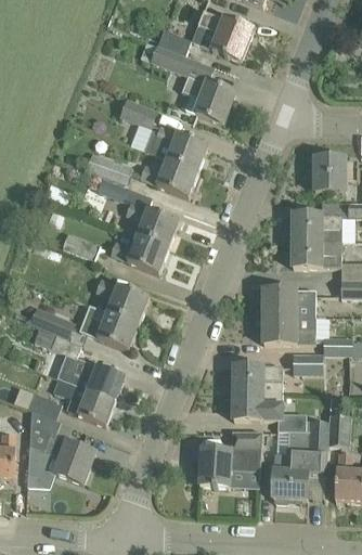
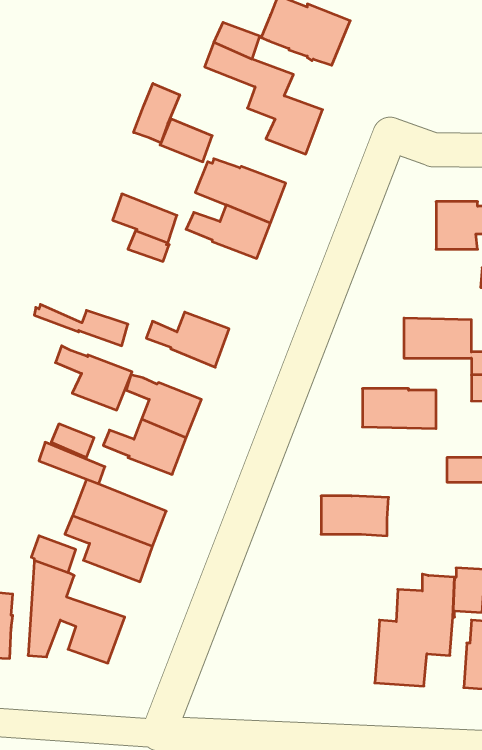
building: none -> [134,83,180,143]
building: [125,201,179,246] -> [55,346,132,410]
building: [292,212,340,240] -> none
building: [262,315,314,343] -> none
building: [292,354,322,374] -> none
building: [232,391,305,431] -> none
building: [198,431,261,487] -> none

